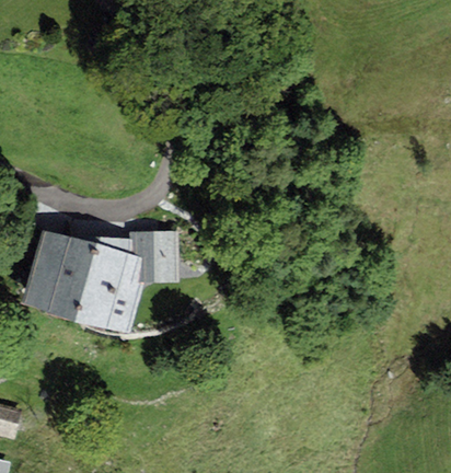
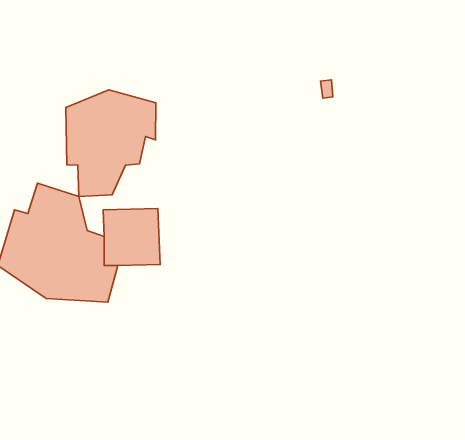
building: none -> [66,90,156,196]

